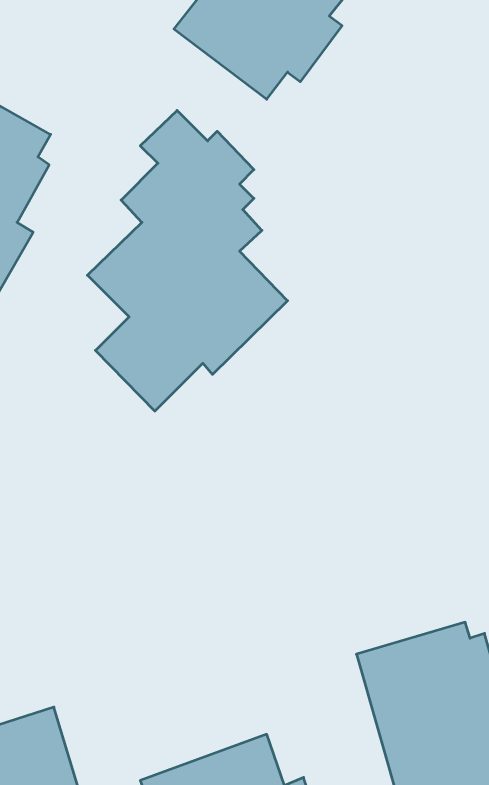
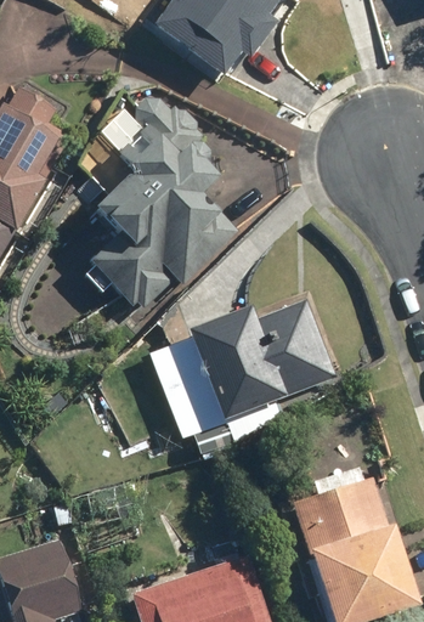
building: none -> [156,300,341,457]

